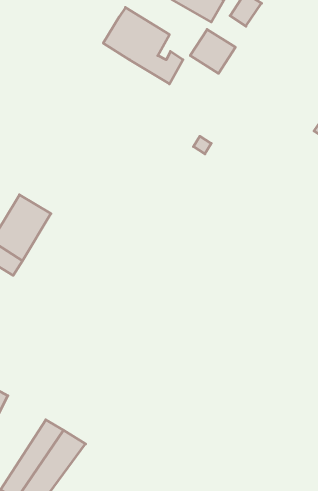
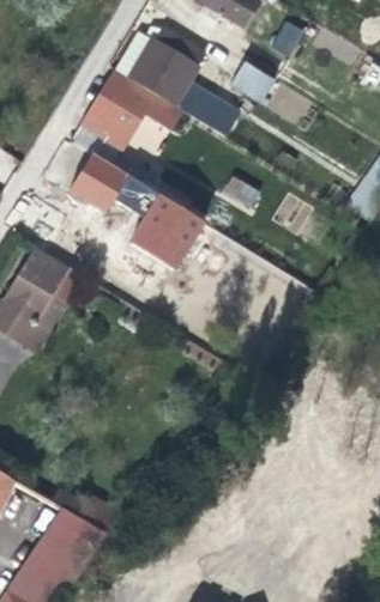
building: none -> [79,69,156,152]
building: none -> [68,153,193,259]

